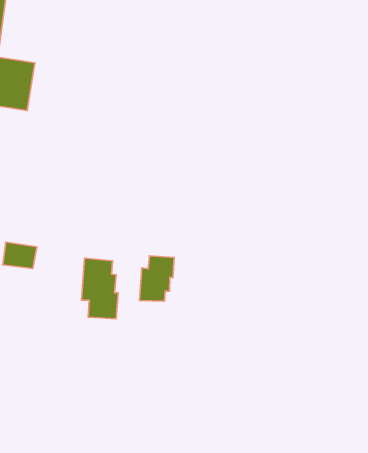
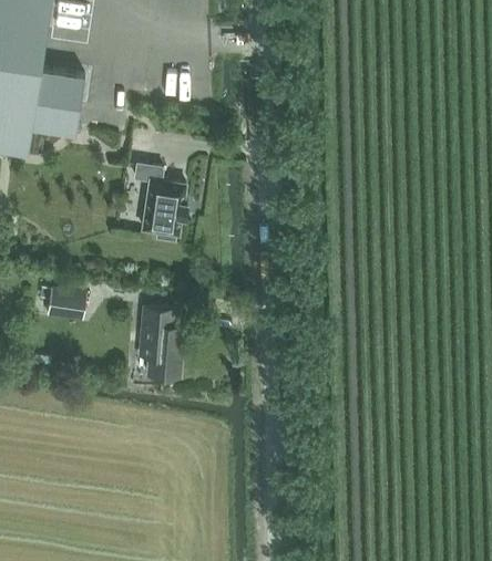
building: none -> [133,164,185,241]
building: [140,256,174,301] -> none

